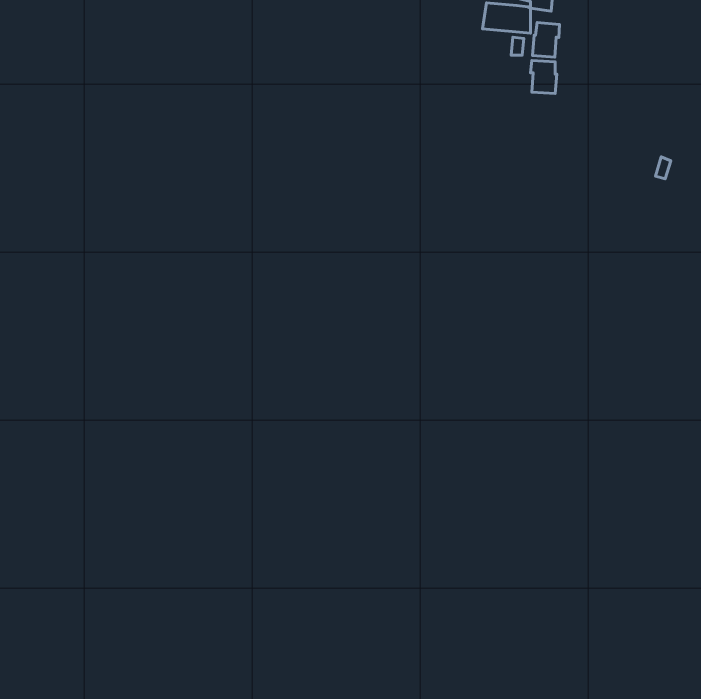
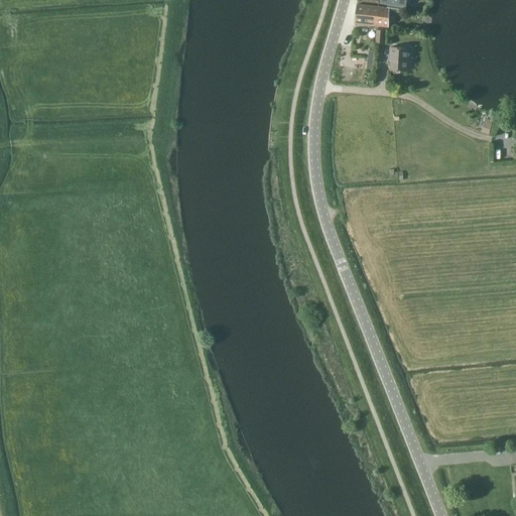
building: [533,22,559,57] -> none

